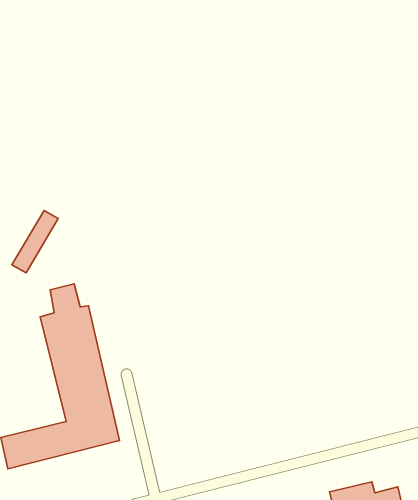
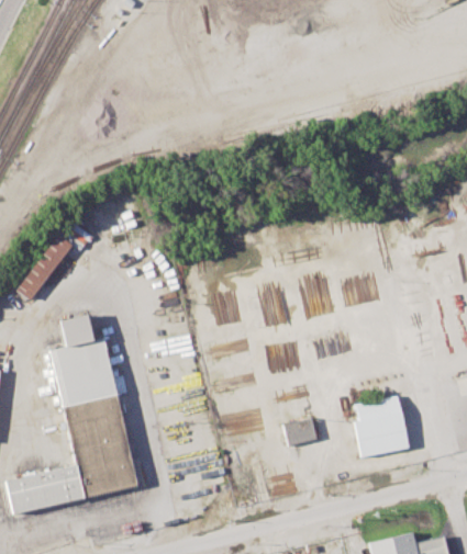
building: none -> [354,397,408,456]
building: none -> [282,419,315,446]

